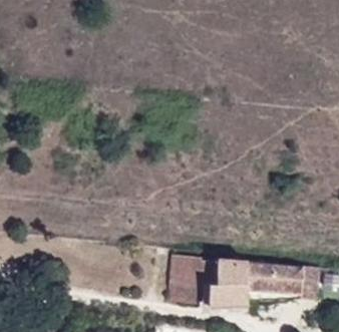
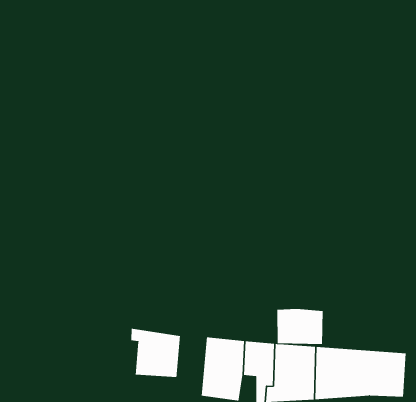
building: none -> [277,308,323,345]
building: none -> [131,328,181,378]

